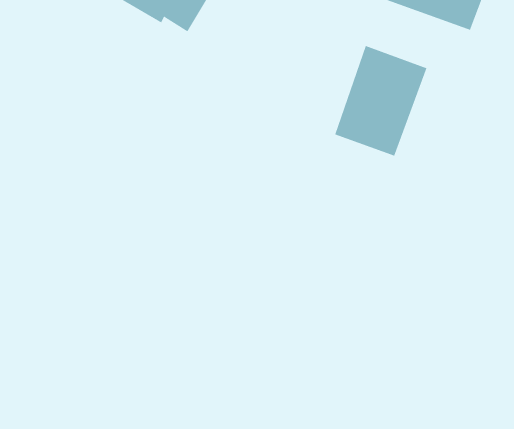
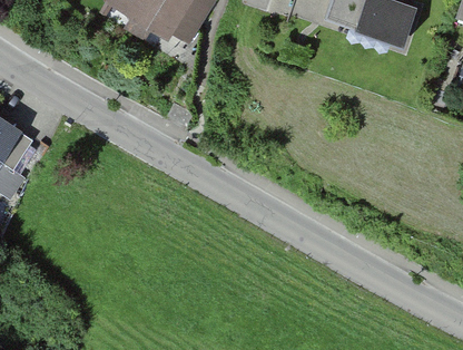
building: [335,45,427,156] -> none

